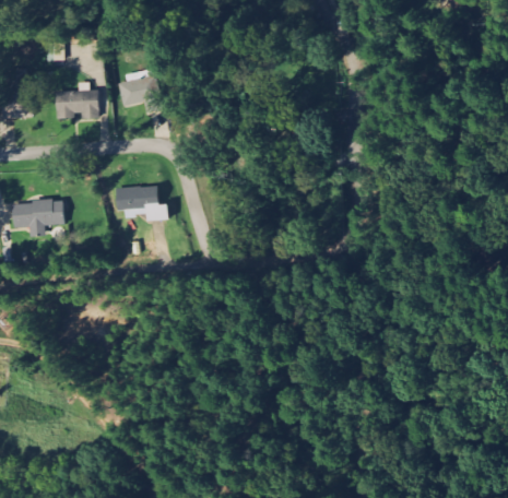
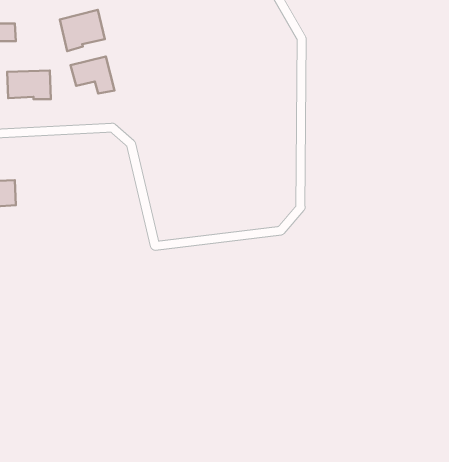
building: none -> [60,10,105,51]
building: [115,186,166,221] -> none

